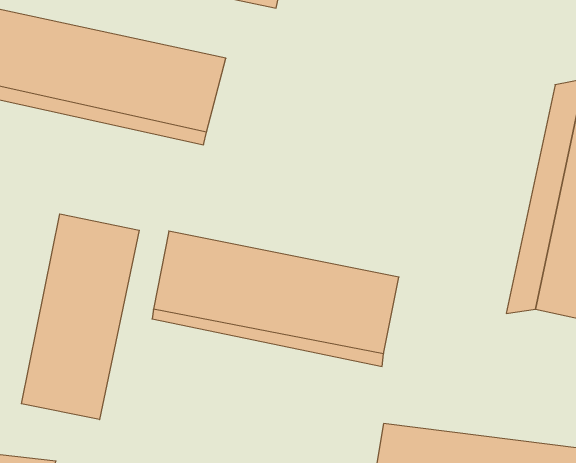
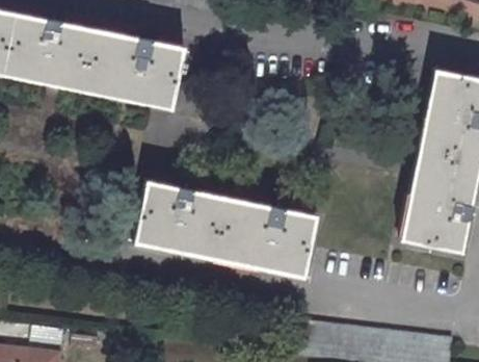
building: [21,214,139,420] -> none

